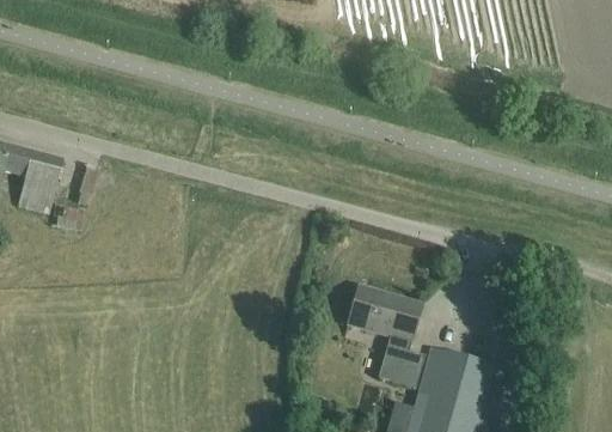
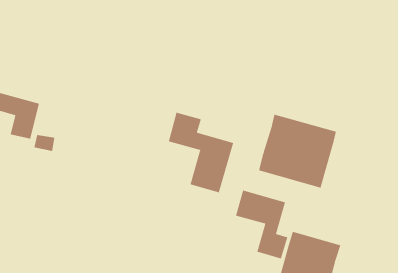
building: none -> [168,112,234,193]
building: none -> [258,114,336,188]

